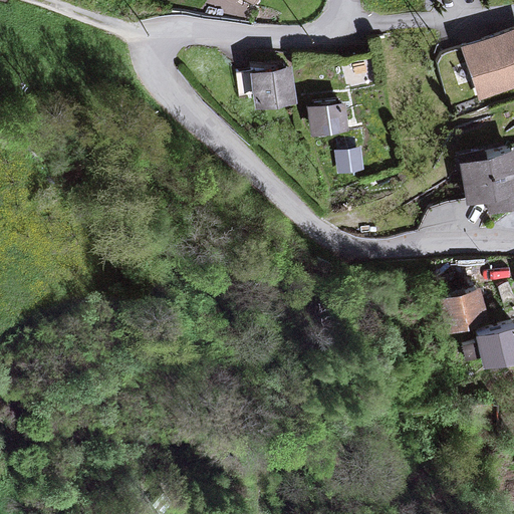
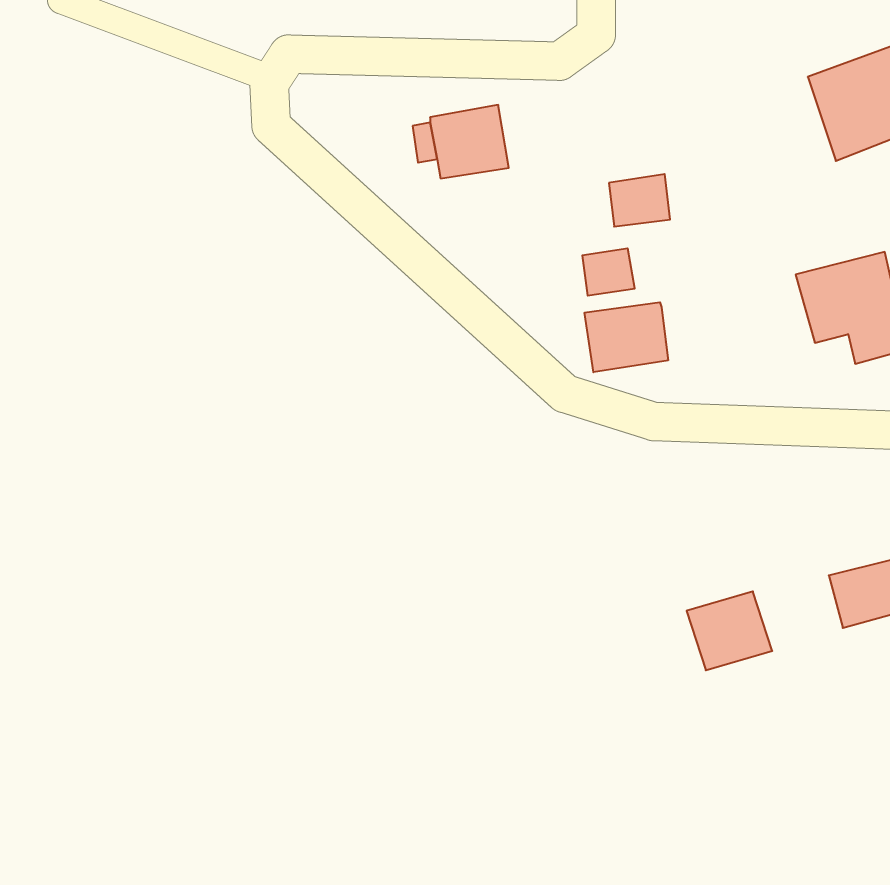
building: [311,103,346,134] -> [609,174,670,227]
building: none -> [585,302,668,372]
building: [435,288,484,333] -> [687,591,772,670]

